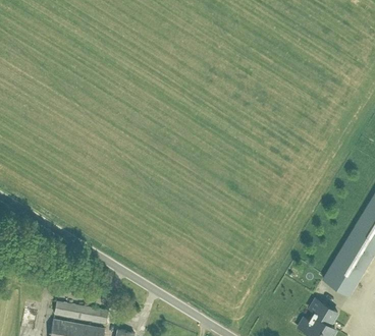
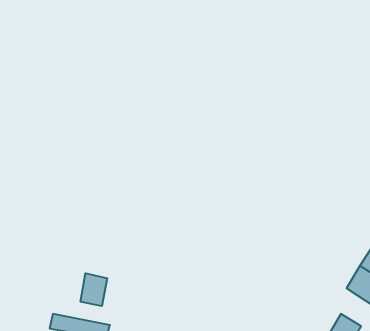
building: none -> [81,273,107,306]

